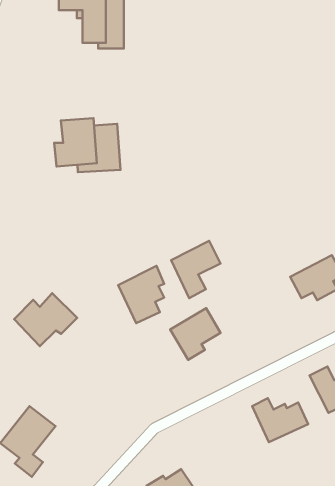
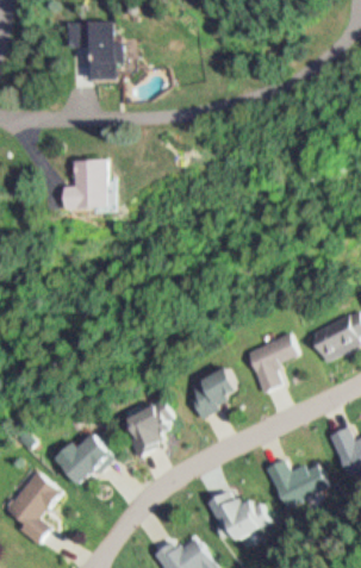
building: [171,241,221,298] -> [245,330,298,391]
building: [118,266,164,323] -> [118,395,167,456]
building: [14,293,77,346] -> [46,429,113,485]
building: none -> [211,489,275,542]

